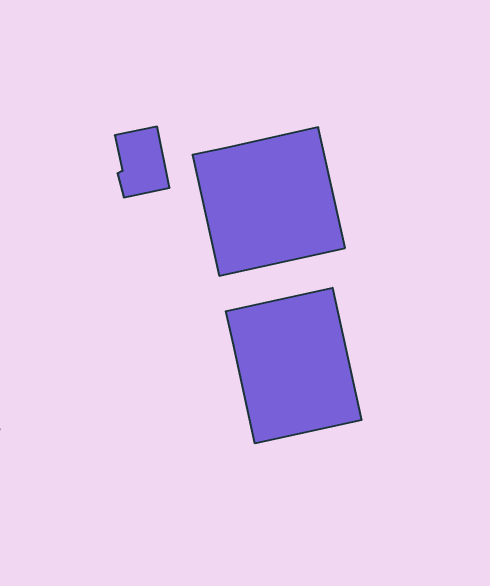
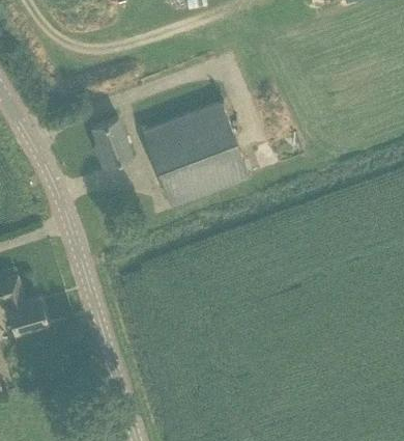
building: [226,288,362,443] -> none

